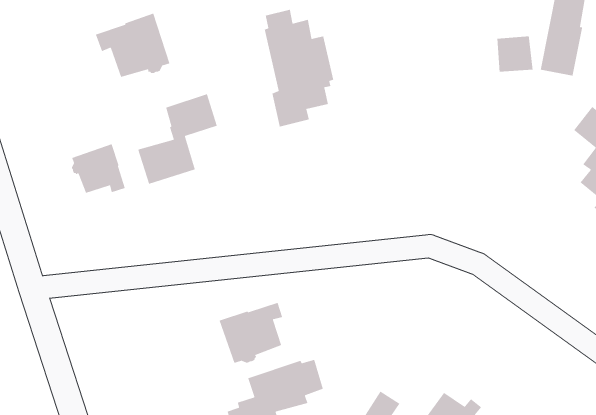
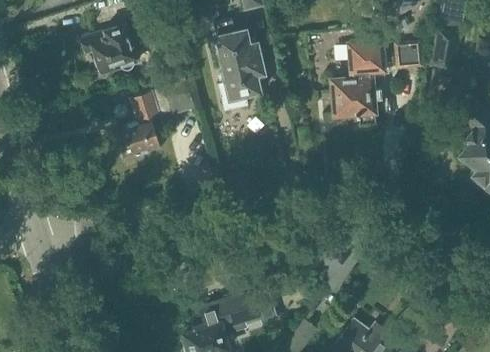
building: none -> [330,39,387,126]
building: [71,143,126,194] -> none
building: [218,302,283,364] -> none

